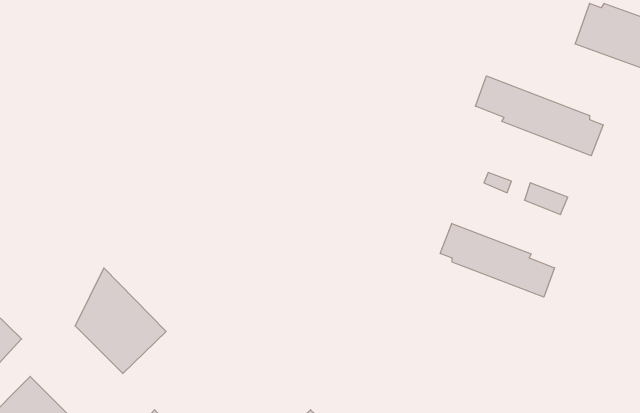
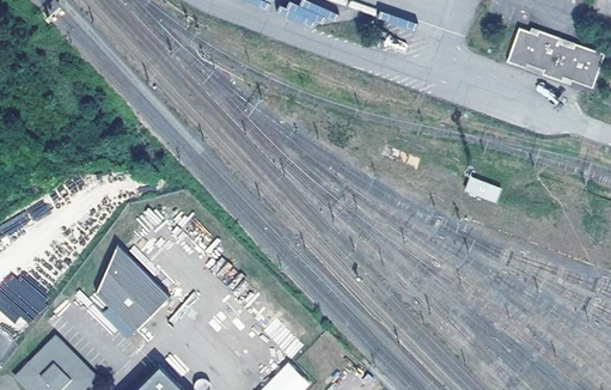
building: [475,76,603,156] -> none
building: [440,223,555,297] -> none

